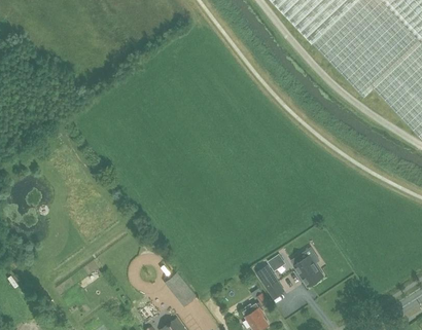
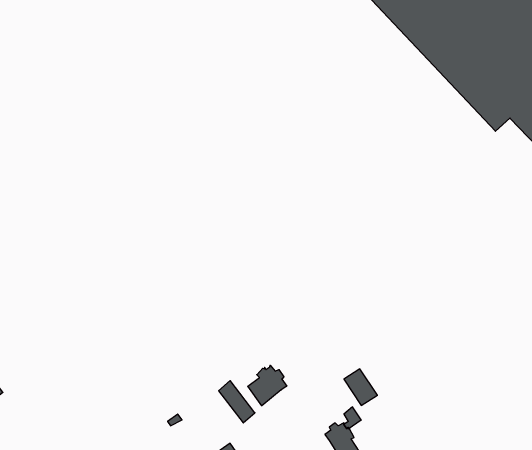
building: [291,253,323,287] -> none
building: none -> [248,365,287,406]

